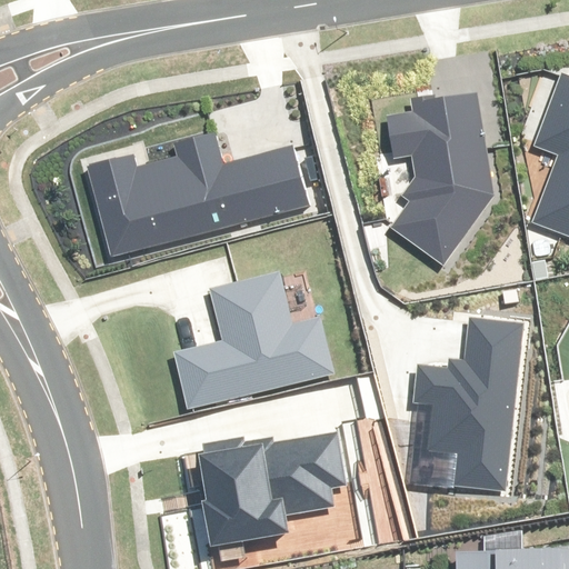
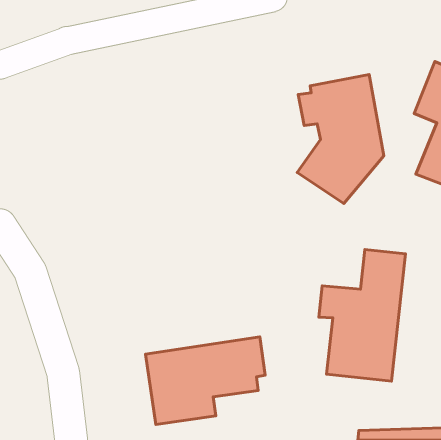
building: [84,138,313,251] -> none
building: [174,278,336,408] -> none

